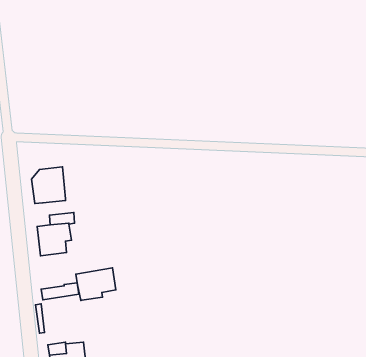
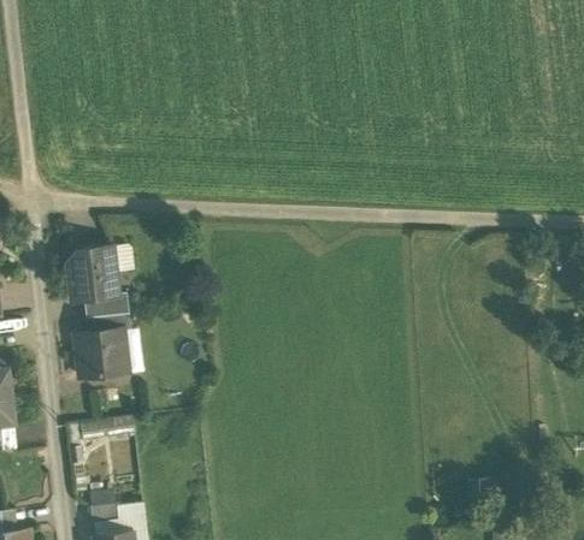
building: none -> [85,296,131,322]
building: [76,268,116,300] -> none

